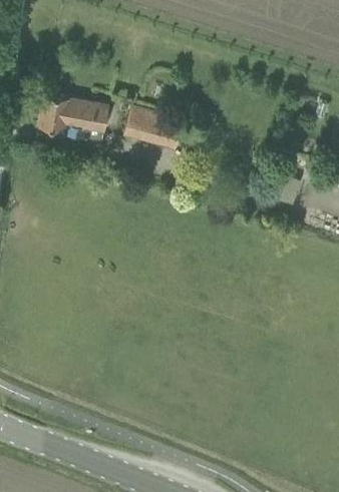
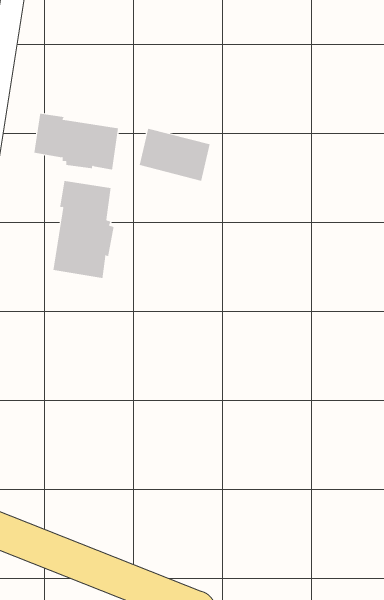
building: none -> [53,180,114,279]

